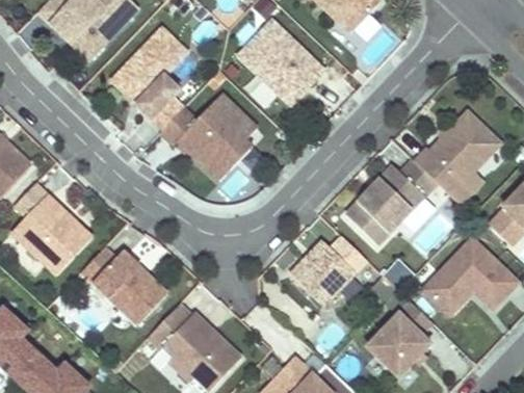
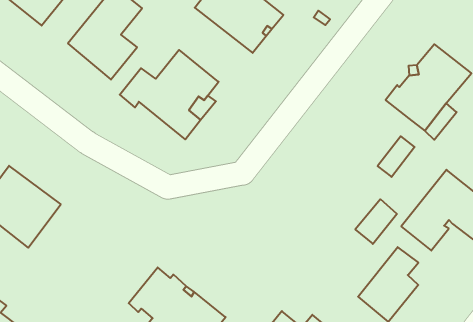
building: [346,160,436,243] -> none
building: [290,235,367,305] -> none
building: [90,246,168,316] -> none

